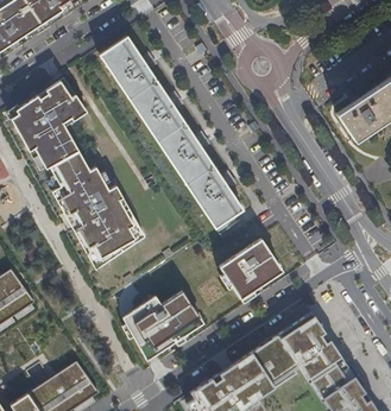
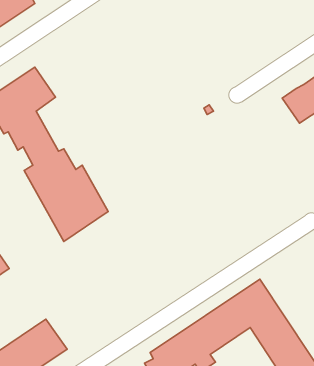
building: [100,36,242,227] -> none
building: [220,238,284,297] -> none
building: [124,289,206,359] -> none

